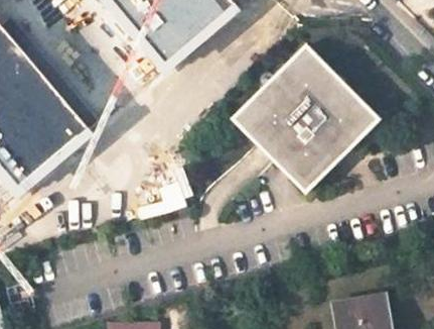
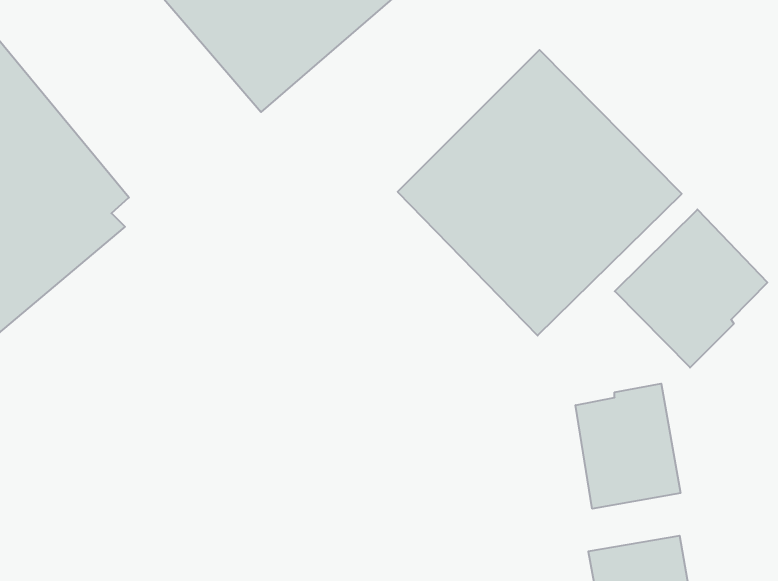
building: none -> [615,209,767,368]
building: none -> [576,384,680,509]

